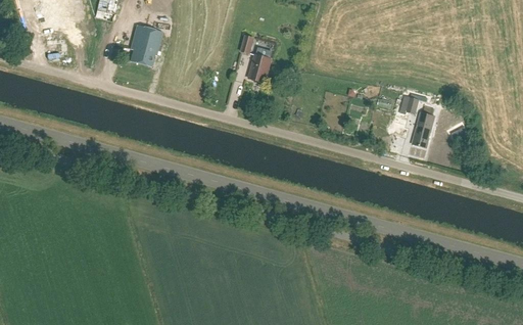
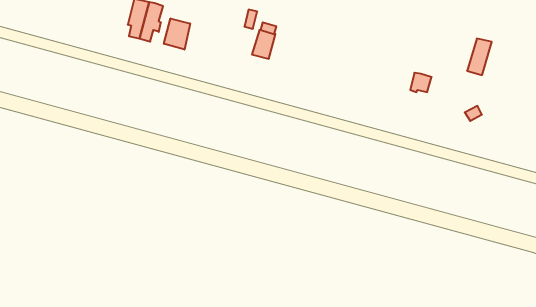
building: none -> [164,18,190,50]
building: [412,112,435,147] -> [467,39,492,75]

